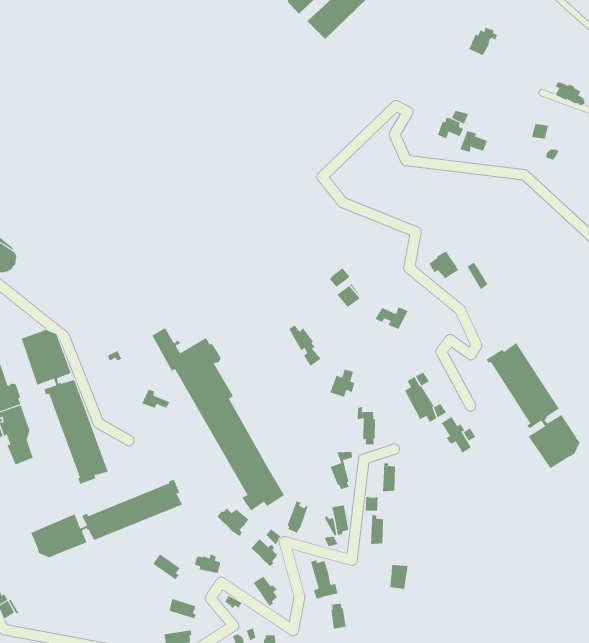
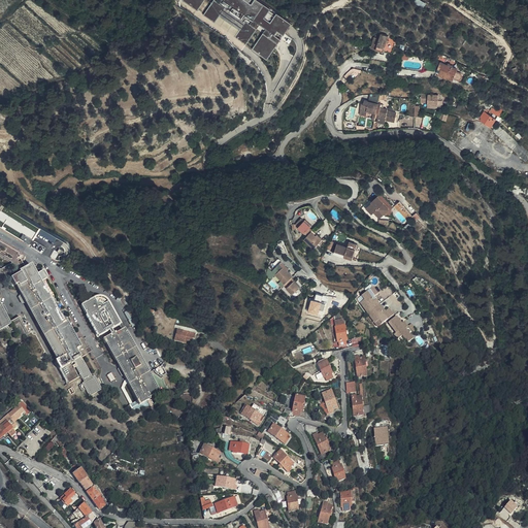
building: [151,327,285,511] -> none
building: [486,342,580,469] -> none
building: [30,479,183,558] -> none

